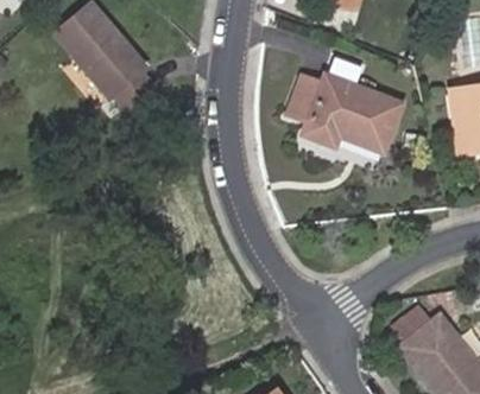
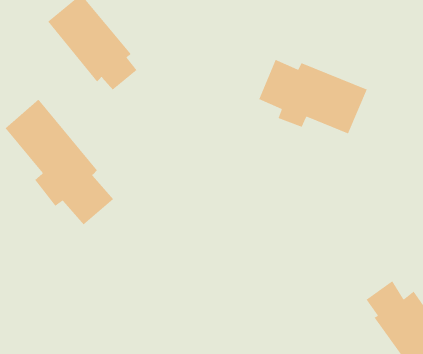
building: none -> [5,99,114,225]

